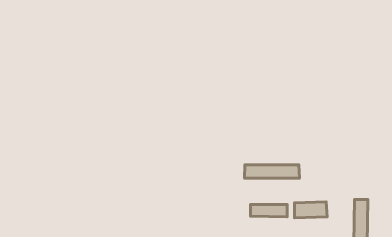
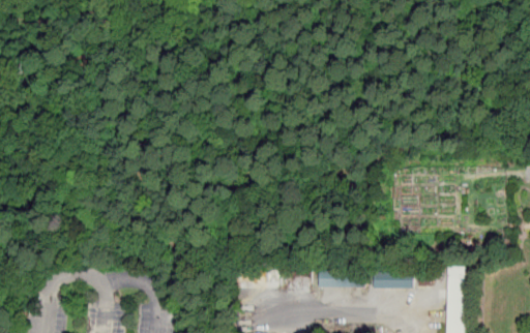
building: [245,165,299,178] -> none

